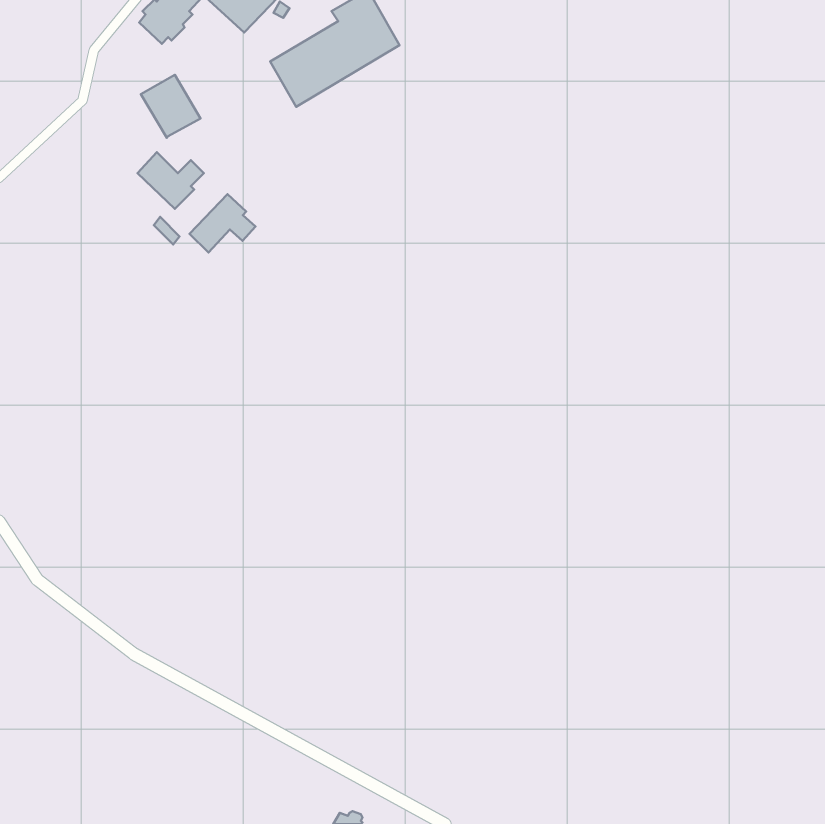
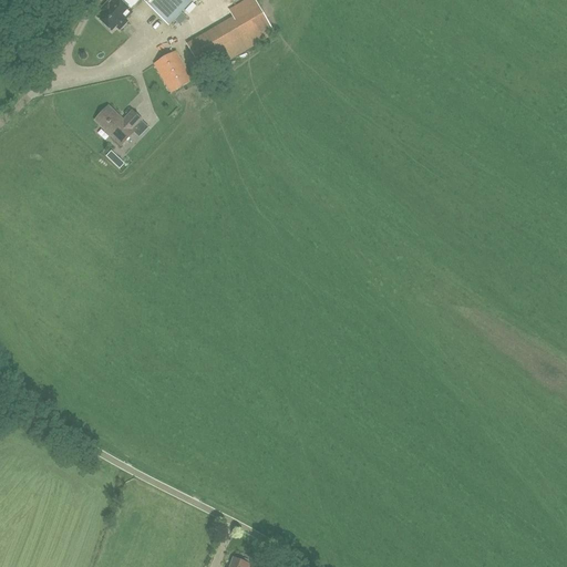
building: [141,75,201,138] -> [152,49,193,92]
building: [190,194,256,253] -> none

